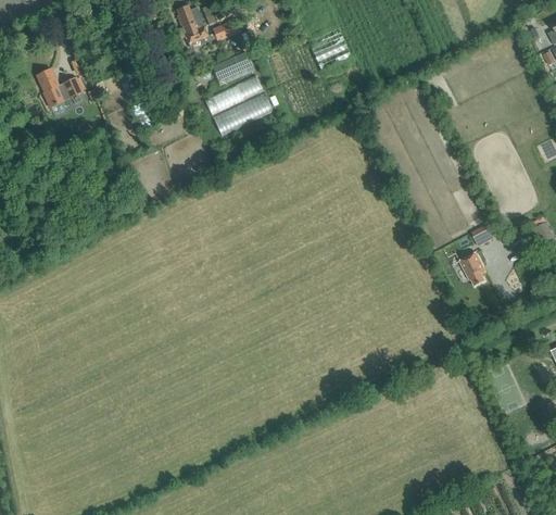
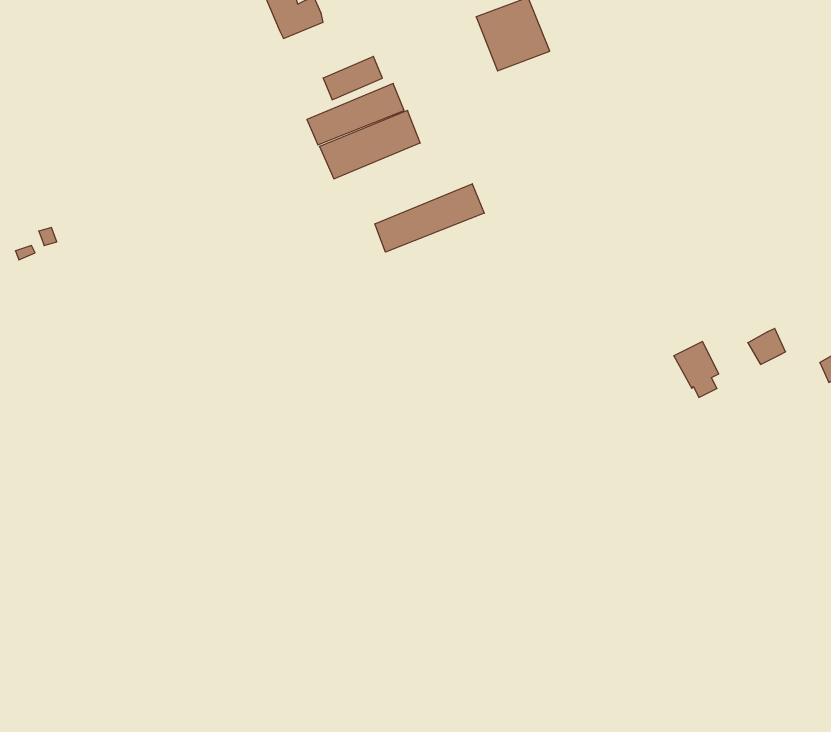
building: [36,67,83,112] -> none
building: none -> [375,184,484,252]
building: [458,251,485,285] -> [674,342,719,397]

